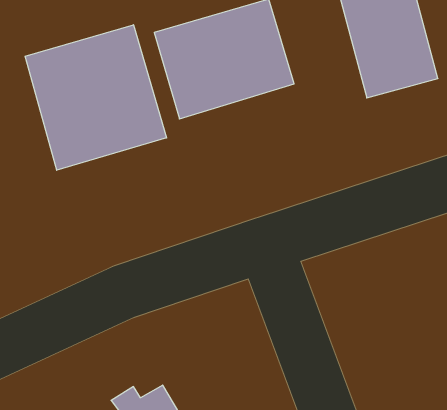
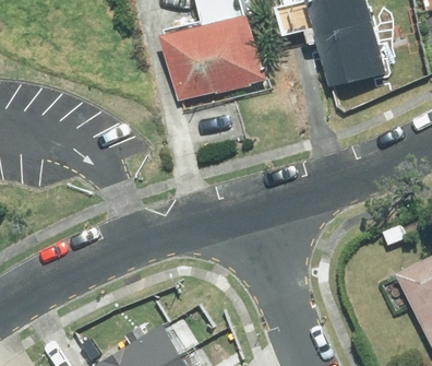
building: [25,25,167,170] -> none

